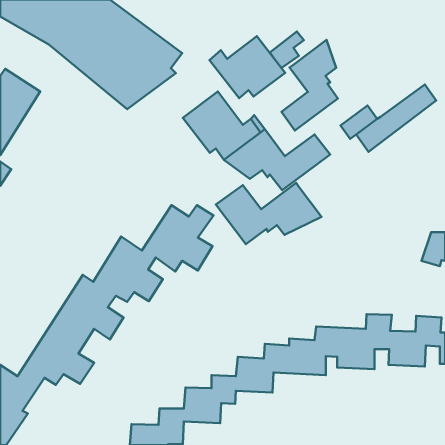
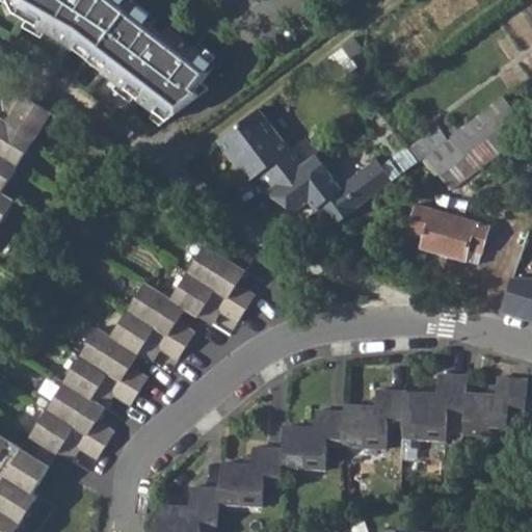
building: [209,36,285,98] -> none
building: [281,40,338,131] -> none
building: none -> [408,206,489,264]
building: [216,183,322,244] -> none

